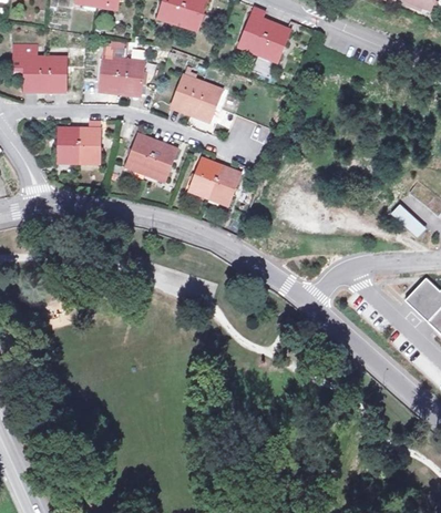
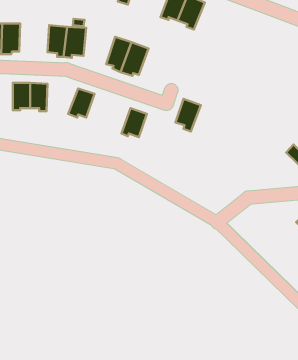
building: [146,142,176,182] -> none
building: [211,166,242,206] -> [175,99,201,131]

